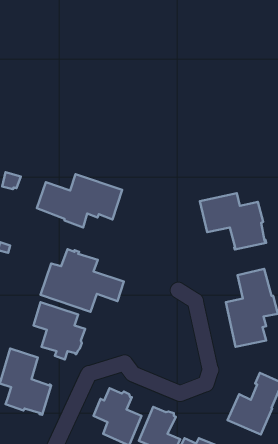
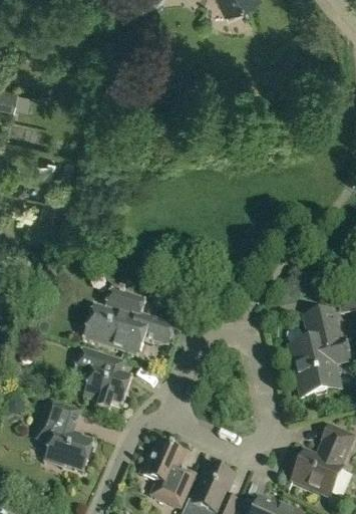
building: [37,174,122,227] -> none
building: [200,193,266,250] -> none

